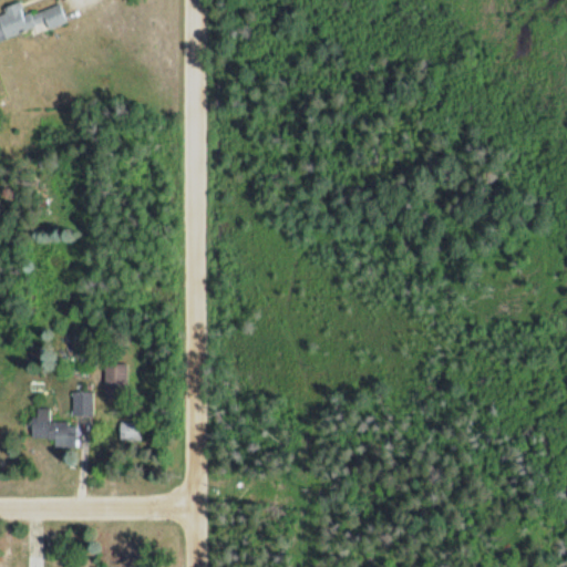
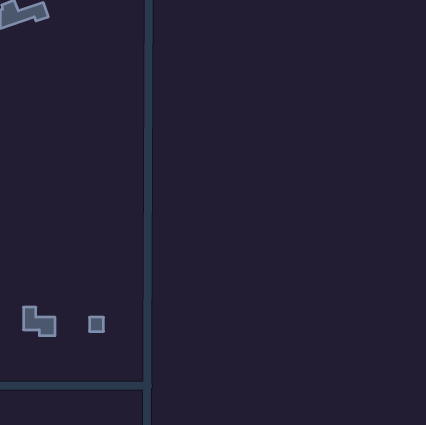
building: [104,364,126,398] -> none
building: [71,393,93,416] -> none

